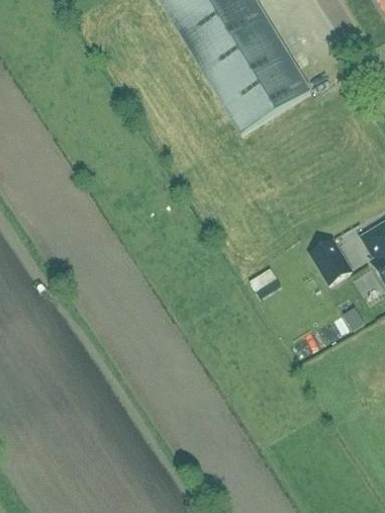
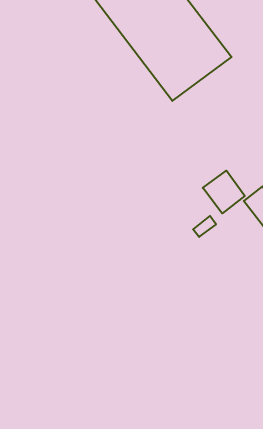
building: none -> [203,171,245,213]

